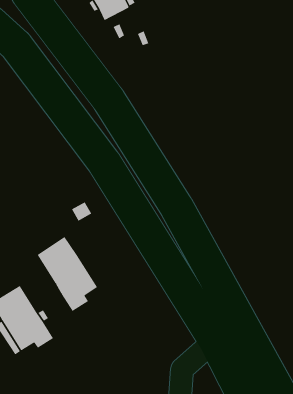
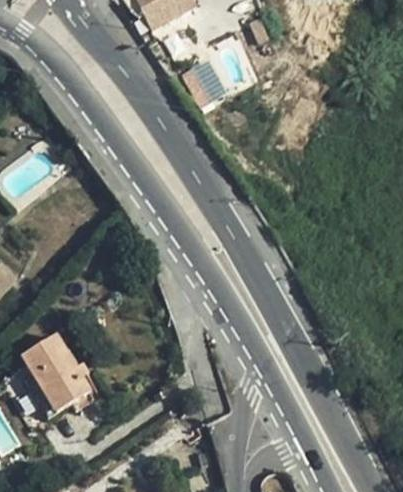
building: [37,236,98,312] -> none

